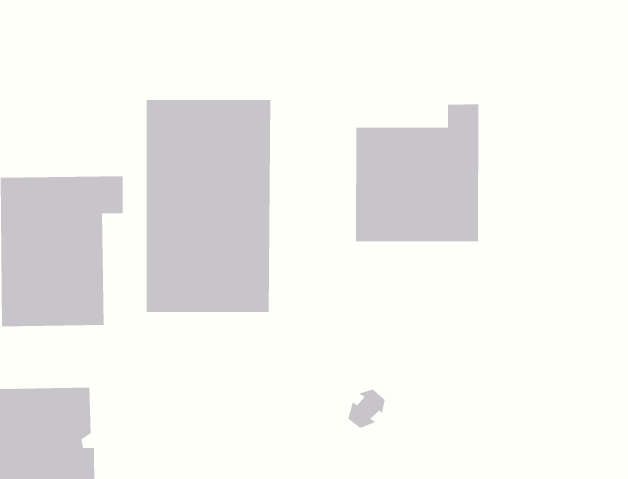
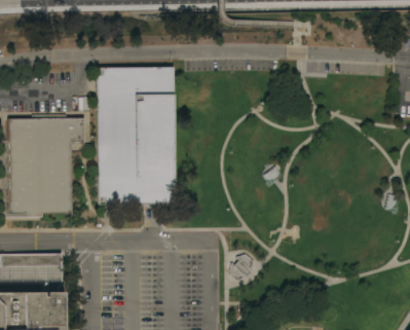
building: [355,104,479,242] -> none

